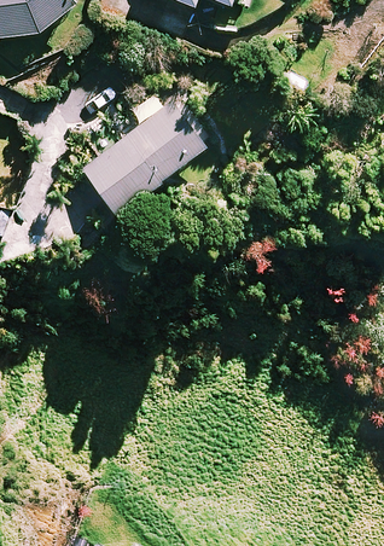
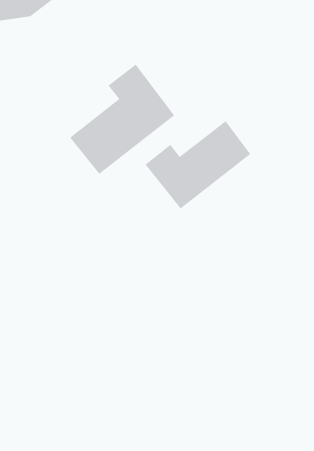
building: none -> [144,120,251,210]

